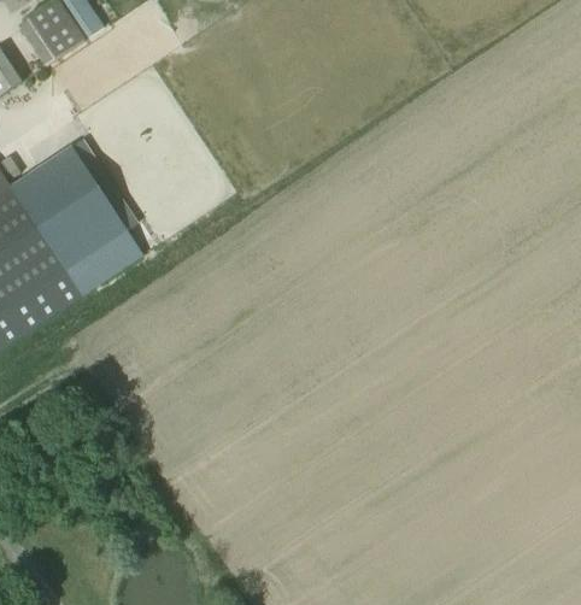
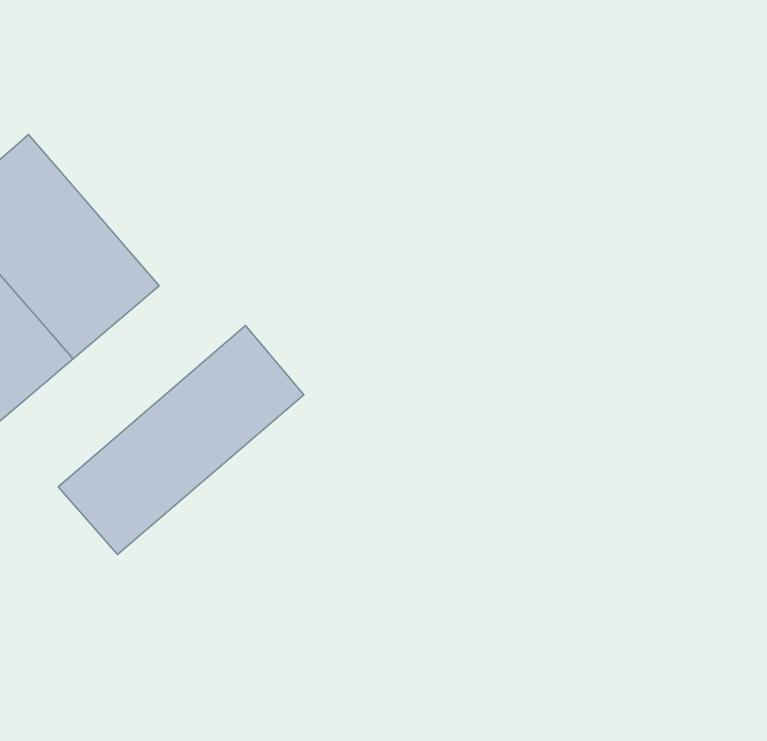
building: none -> [58,325,304,555]

